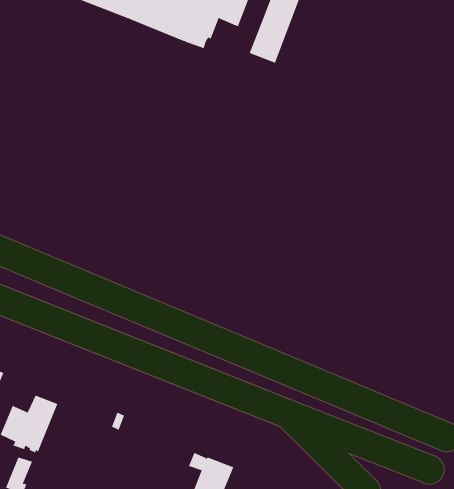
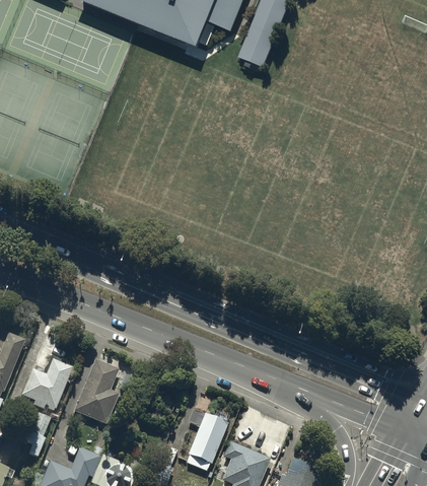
building: none -> [74,357,119,423]

